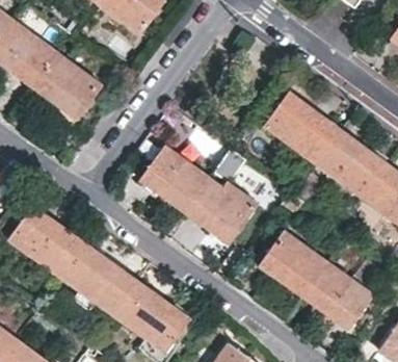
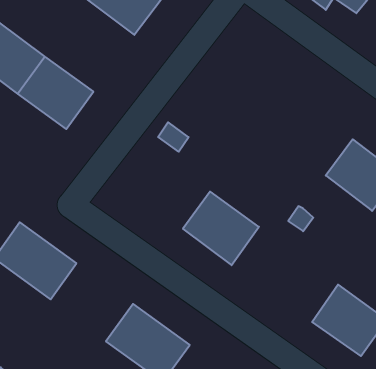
building: [265,90,340,162] -> none
building: [139,144,209,211] -> none
building: [259,230,326,296] -> none
building: [62,242,138,314] -> none

